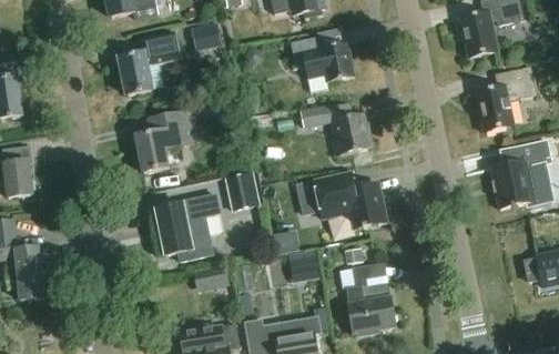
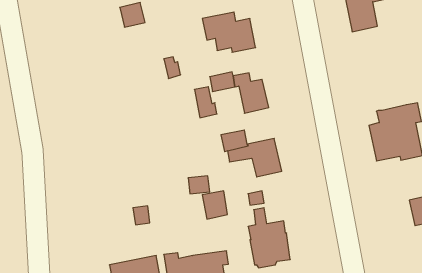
building: [120,30,180,92] -> none
building: [475,67,536,132] -> none
building: [135,109,196,171] -> none
building: [227,172,261,212] -> none
building: [296,179,323,215] -> [194,87,217,118]
building: [152,193,220,261] -> none

